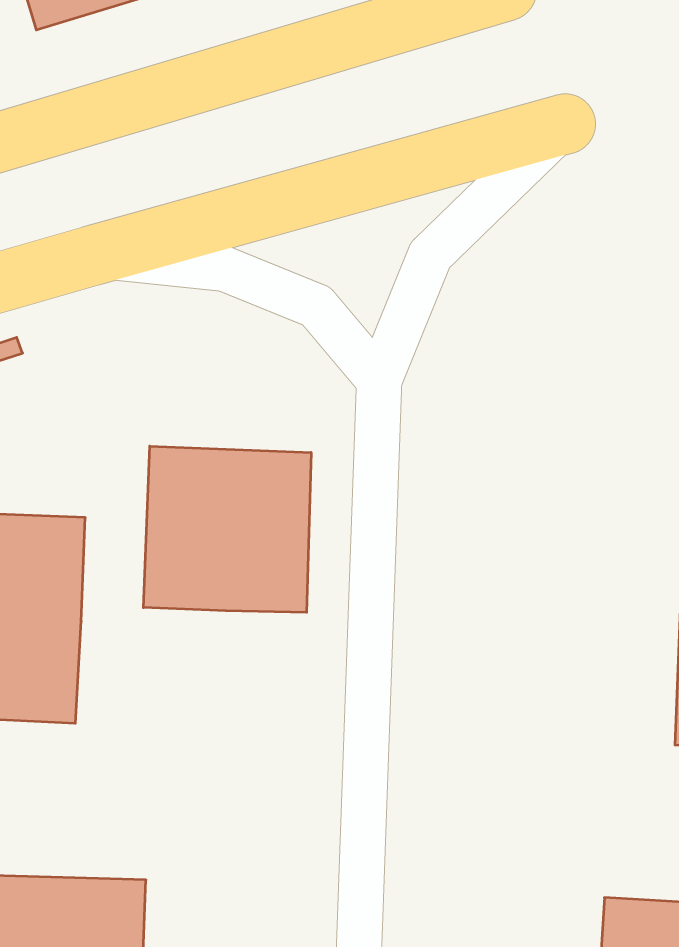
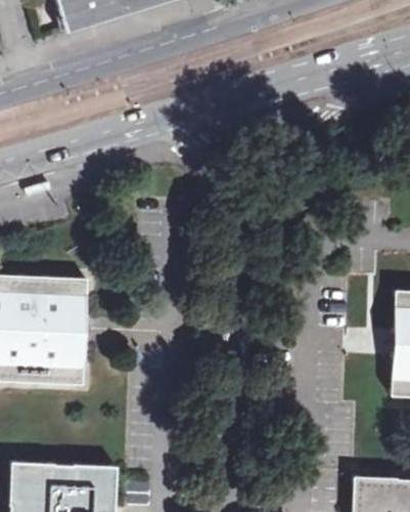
building: [143,446,311,612] -> none

